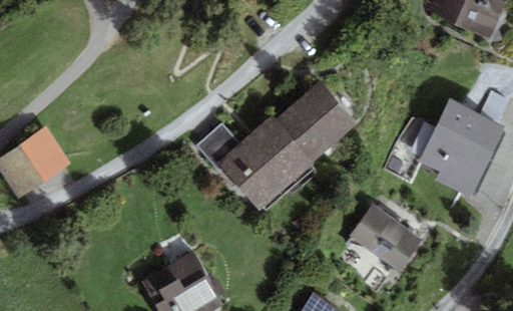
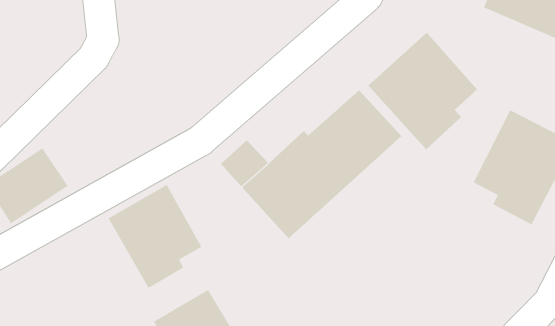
building: none -> [367,32,478,150]
building: none -> [108,184,202,289]
building: [350,205,424,272] -> none

